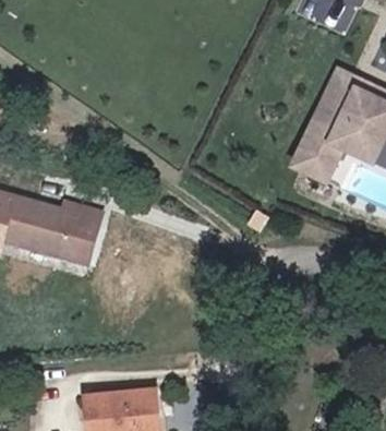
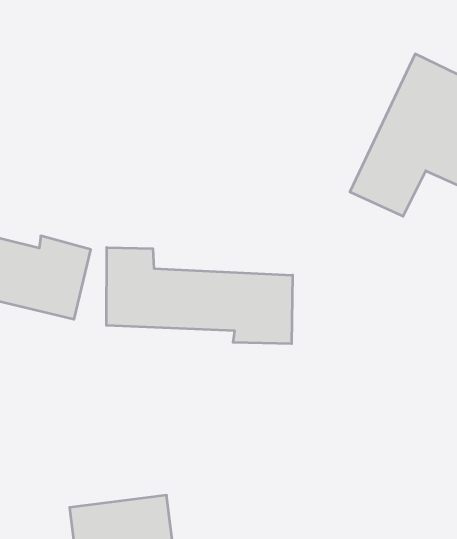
building: none -> [106,247,293,344]

